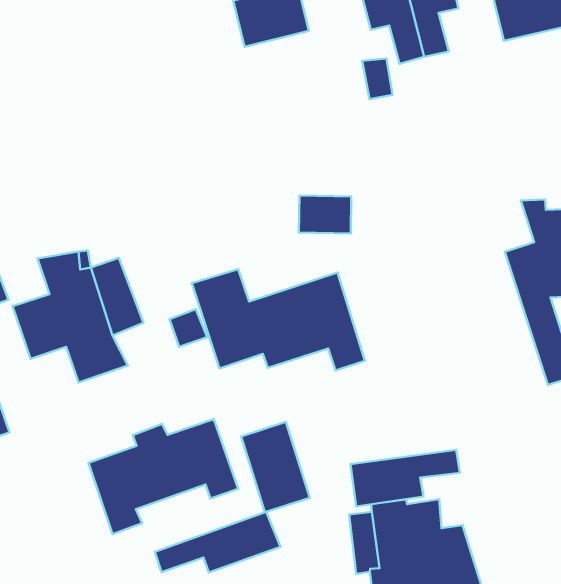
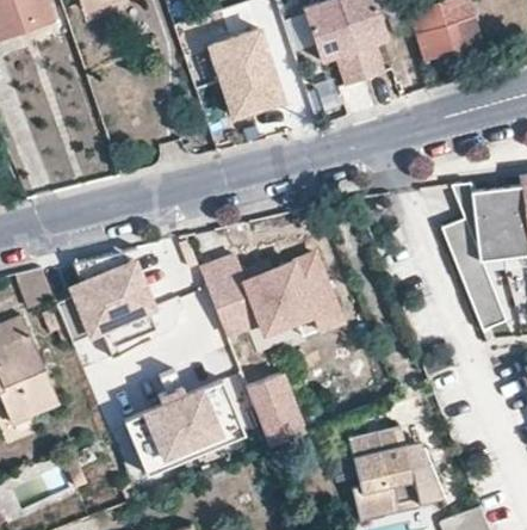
building: none -> [222,64,284,117]
building: [299,196,351,233] -> none
building: [350,450,460,506] -> none
building: [155,512,281,572] -> none

